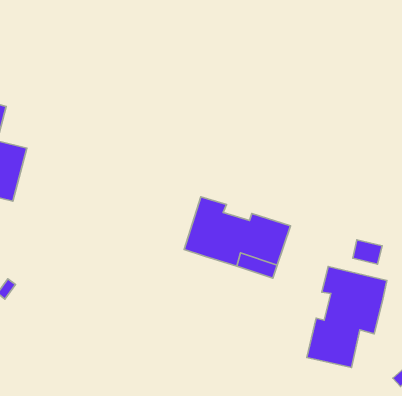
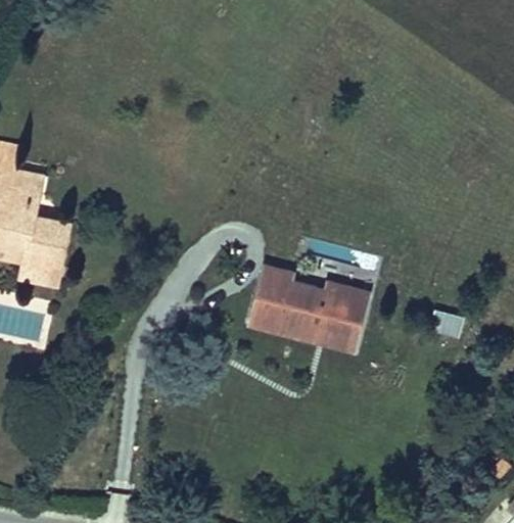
building: [307,266,387,367] -> none

